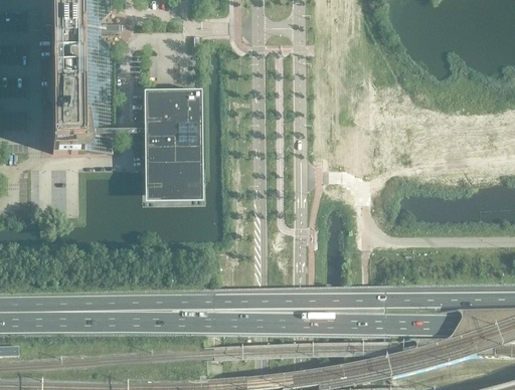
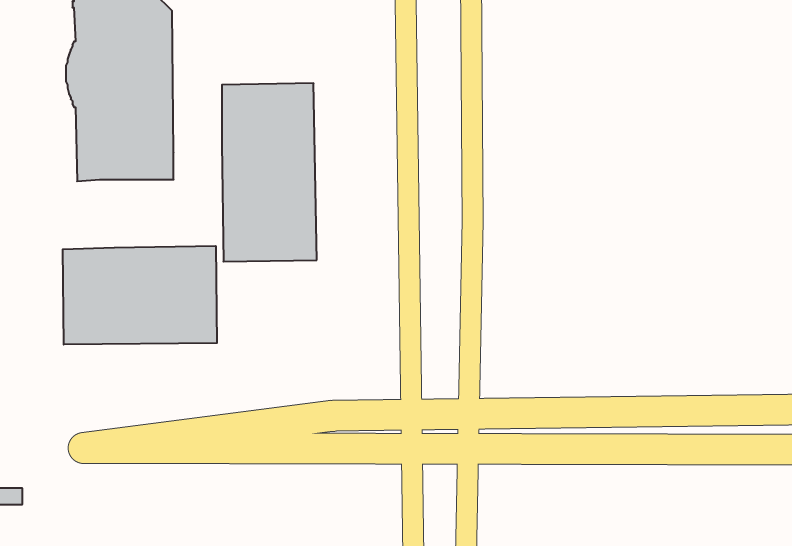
building: none -> [63,246,217,345]

